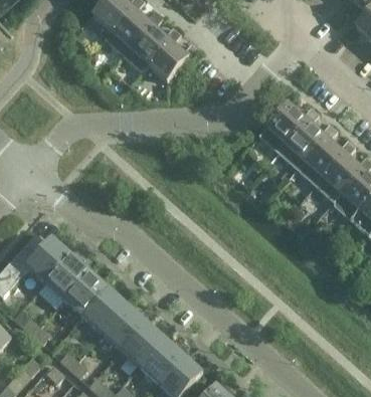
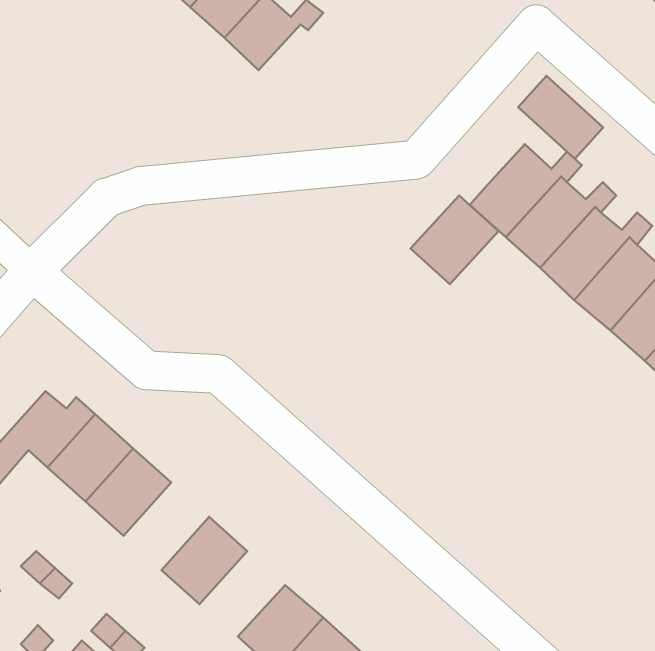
building: [148,40,200,81] -> none
building: none -> [518,76,603,159]
building: none -> [411,195,498,284]
building: [76,282,122,329] -> none
building: [117,319,162,364] -> none

